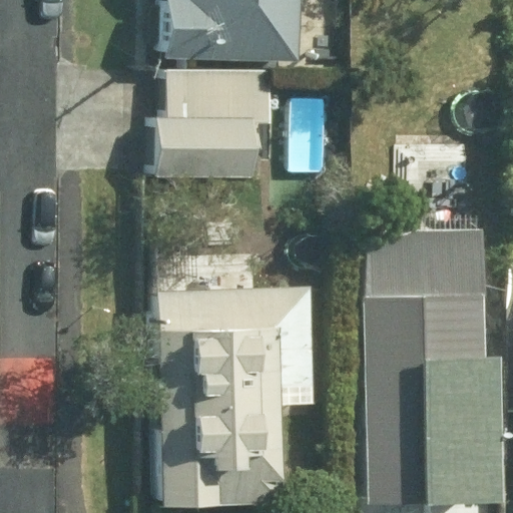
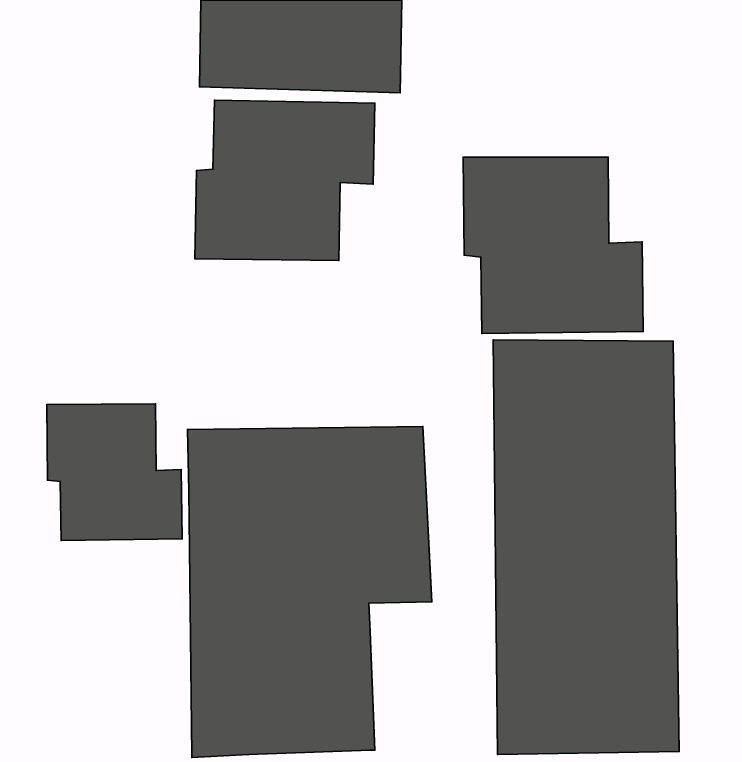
building: none -> [463,157,643,333]
building: none -> [47,404,182,540]

